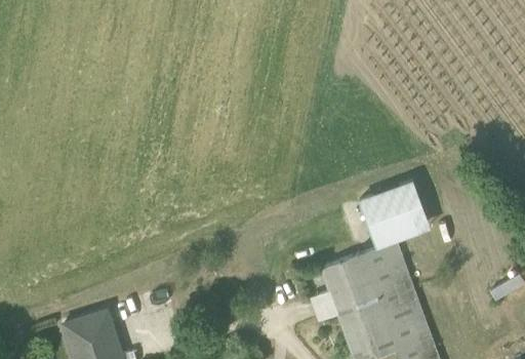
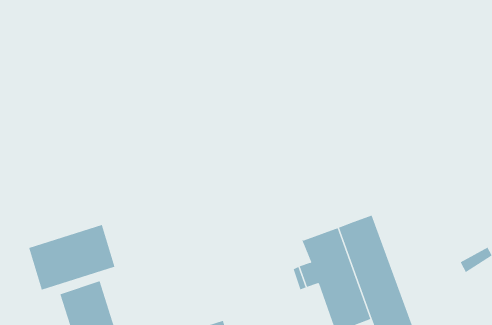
building: [359,182,430,248] -> none
building: none -> [29,224,115,291]

